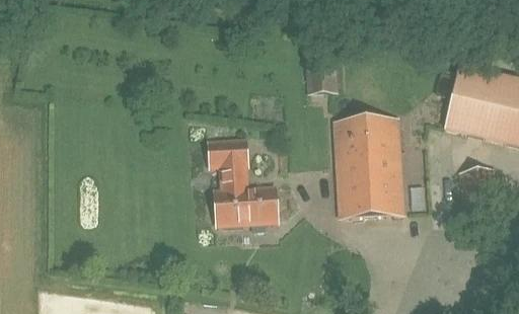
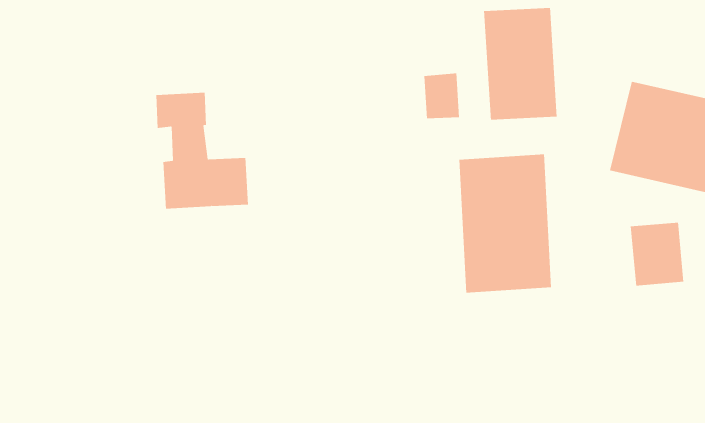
building: none -> [484,7,557,121]
building: [209,140,277,225] -> [155,92,249,209]

